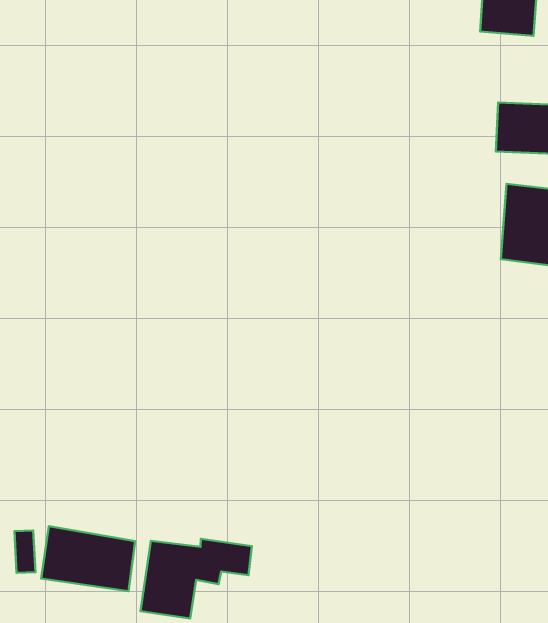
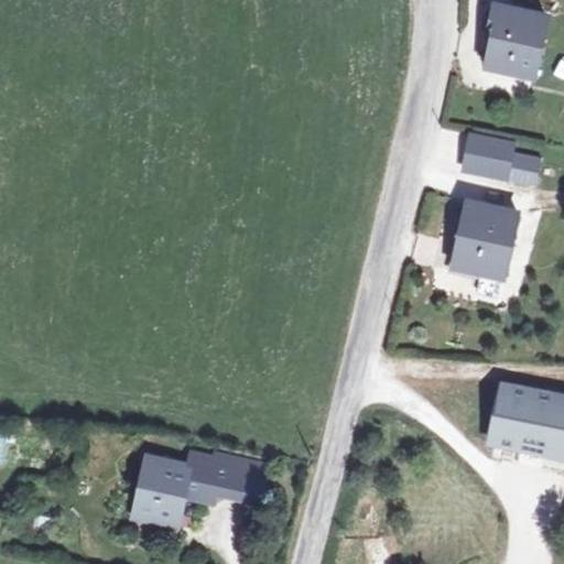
building: [41,526,135,591] -> none
building: none -> [223,458,264,501]

